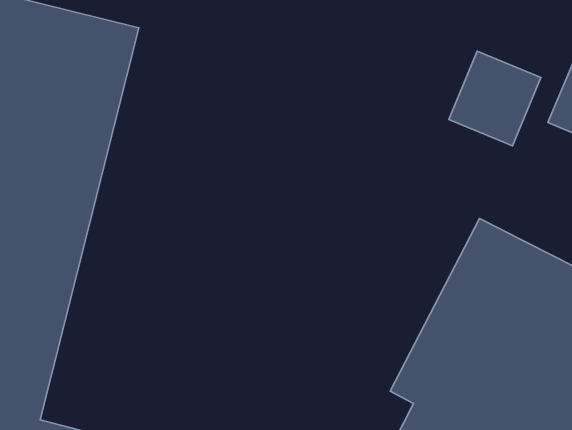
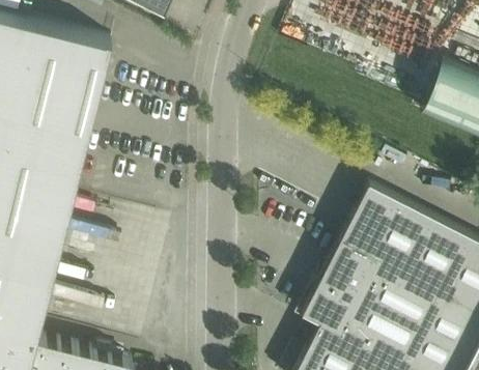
building: [449,51,541,146] -> none

